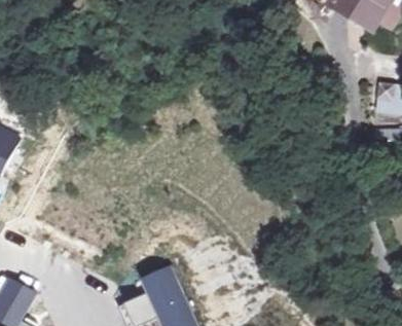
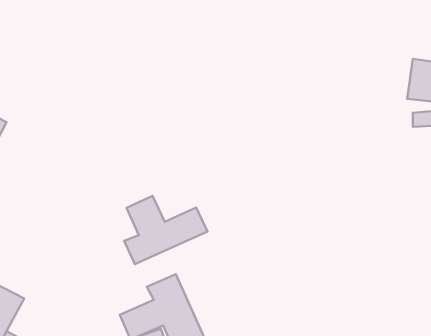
building: none -> [124,196,208,264]

